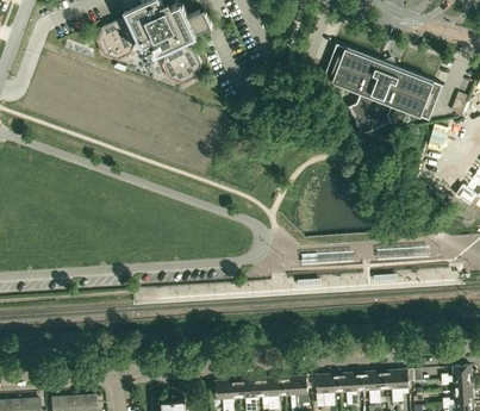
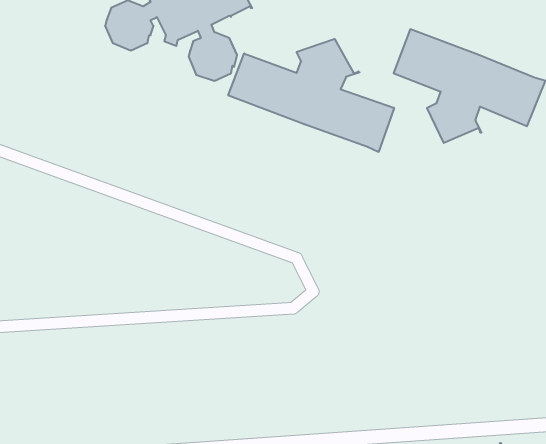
building: none -> [228,39,394,152]

